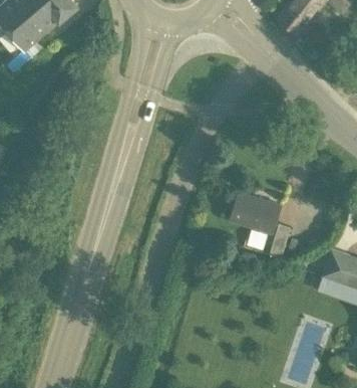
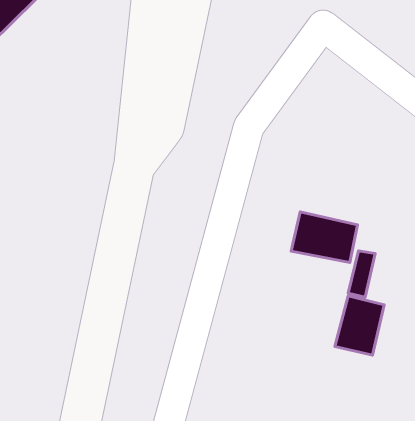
building: none -> [335,296,384,355]

